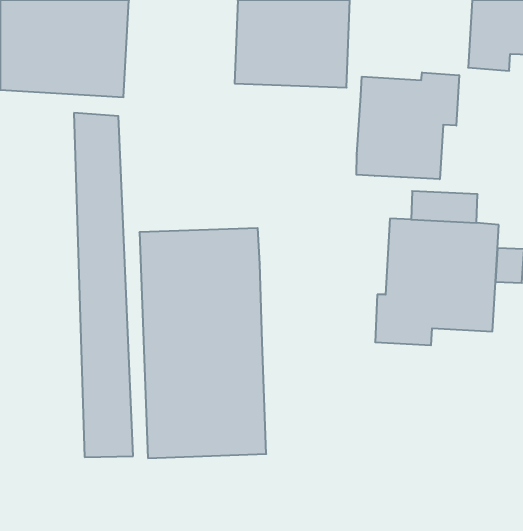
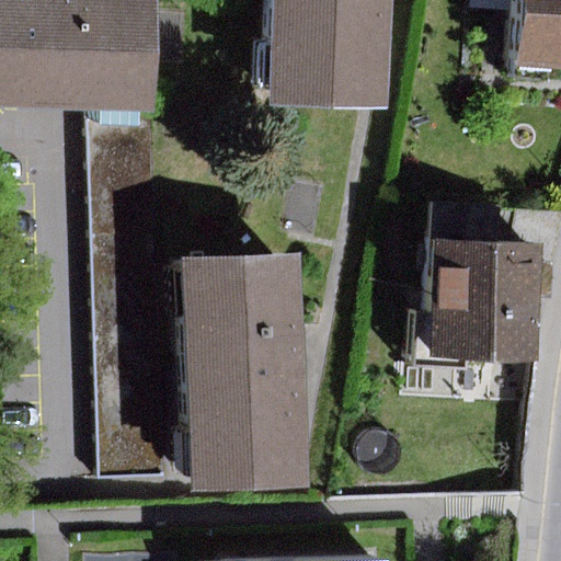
building: [356,72,459,179] -> none

